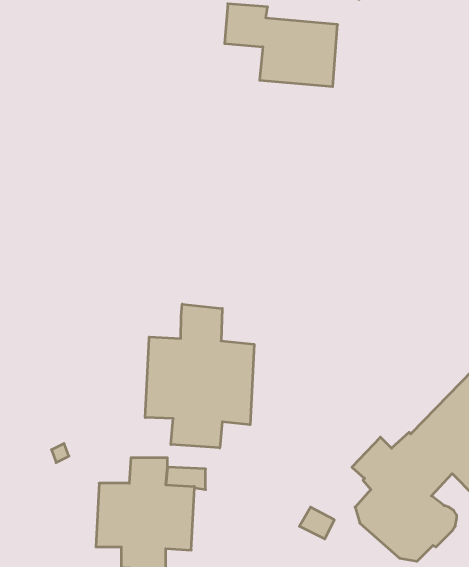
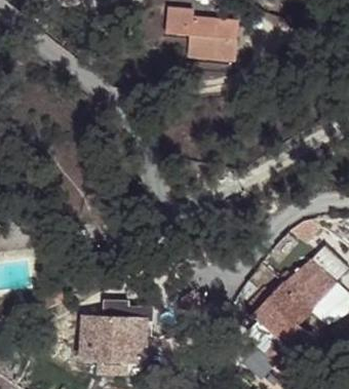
building: [145,304,254,448] -> none

